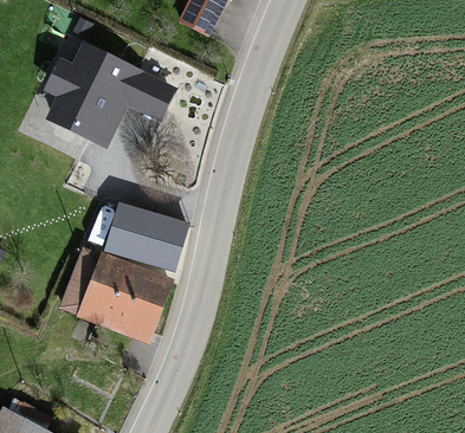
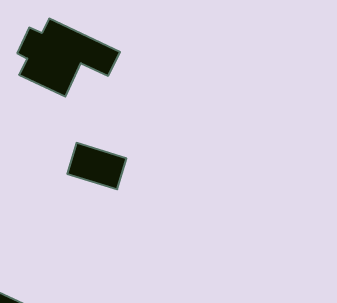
building: [58,251,167,344] -> none

